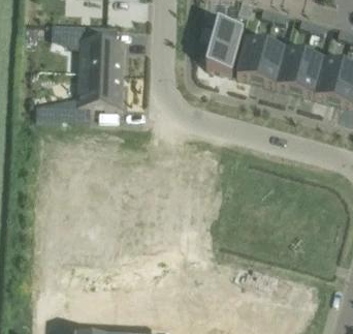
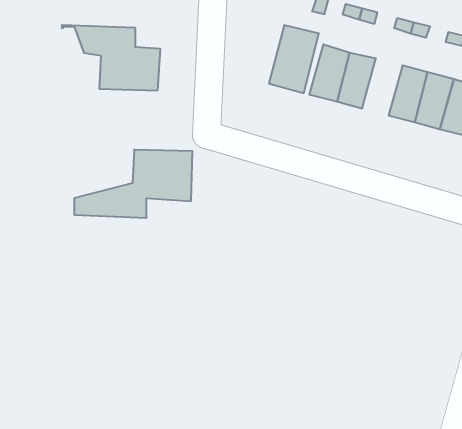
building: [275,50,304,92] -> none
building: [35,72,123,123] -> [74,150,192,218]

